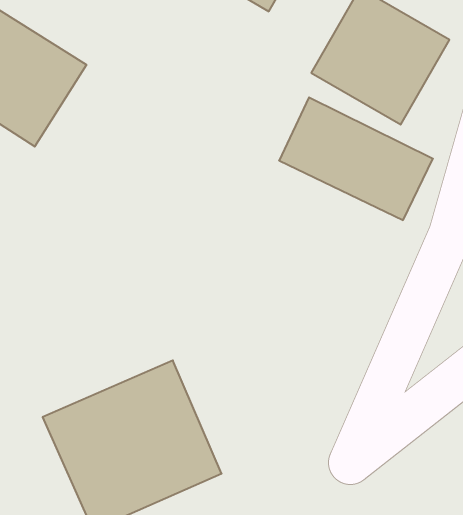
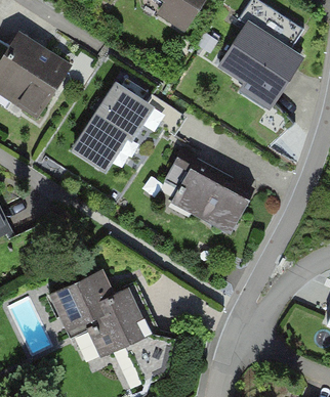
building: none -> [69,75,154,171]
building: [279,97,433,220] -> [158,157,258,236]

